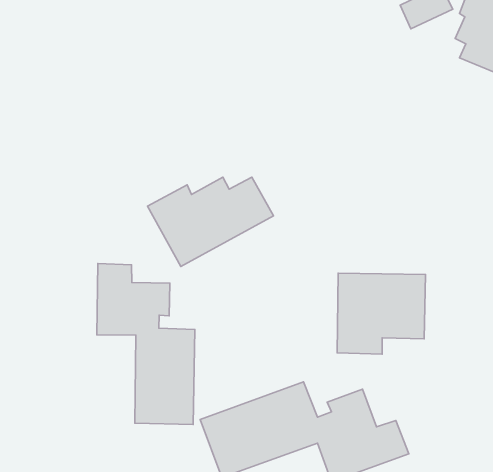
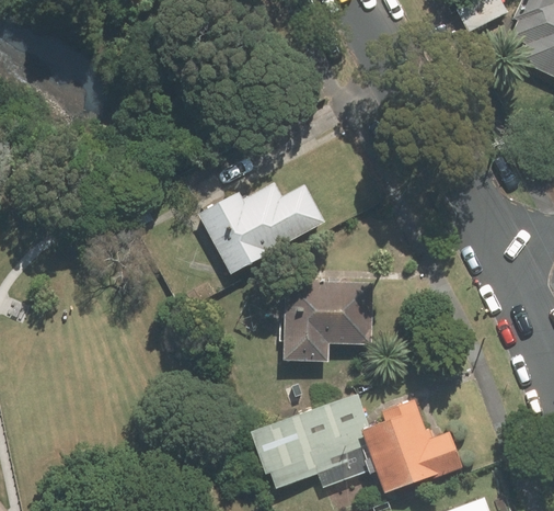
building: [97,264,195,424] -> none
building: [337,273,425,354] -> [284,280,373,362]

